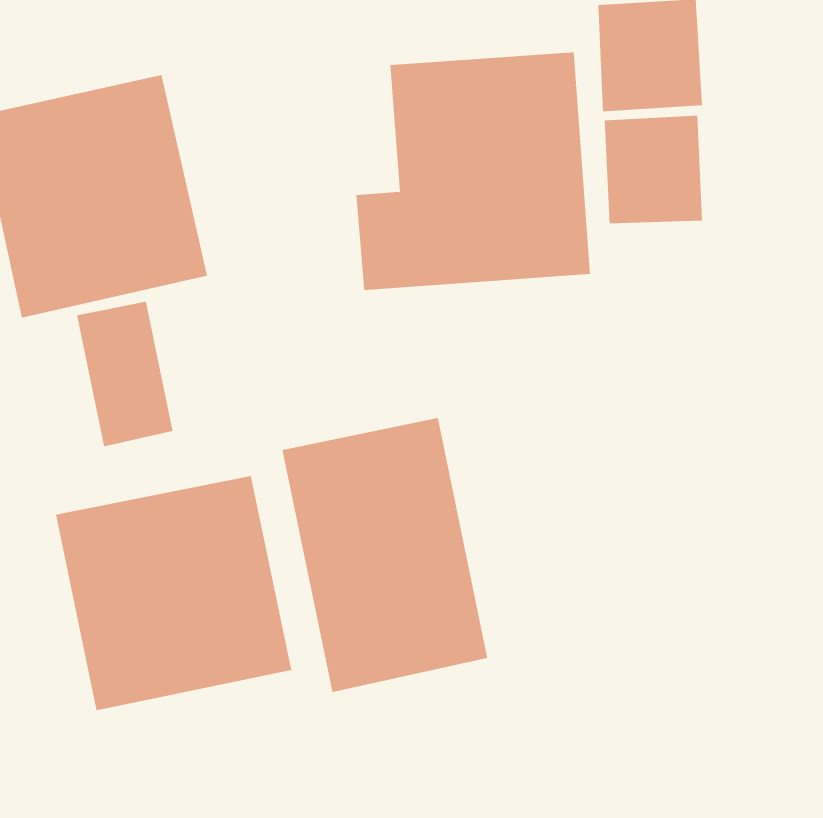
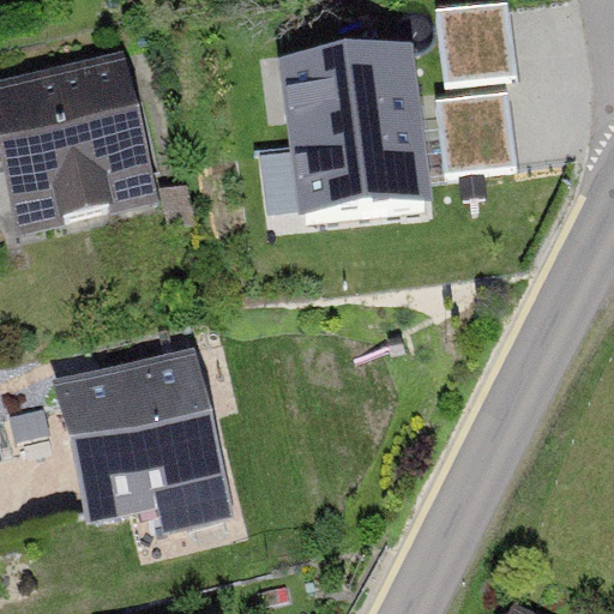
building: [77,301,173,447] -> none
building: [282,417,488,693] -> none

